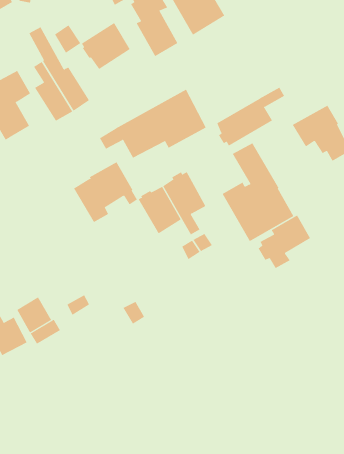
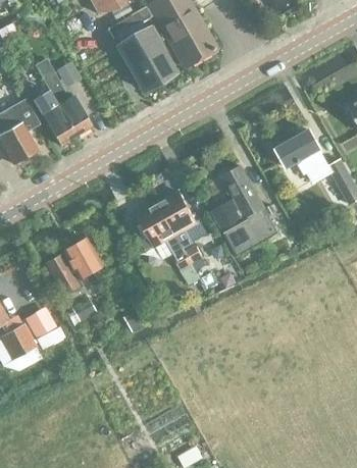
building: [81,22,130,70] -> none
building: [216,87,285,146] -> none
building: [99,89,206,159] -> none
building: [73,162,138,223] -> [46,239,105,295]
building: [258,215,311,269] -> none

